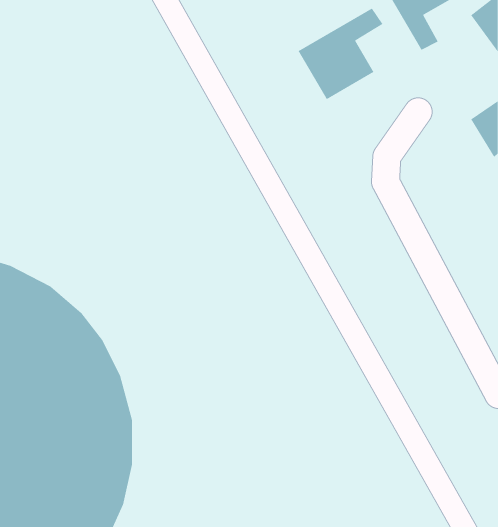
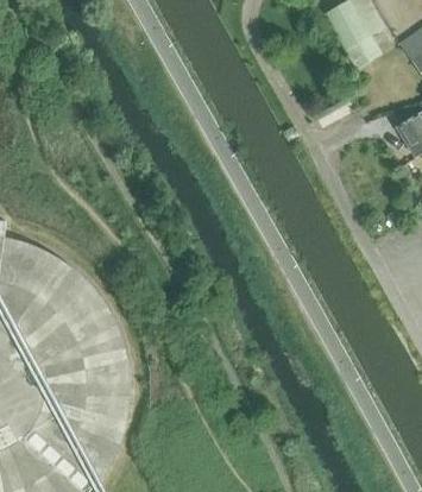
building: [297,8,383,100] -> none

